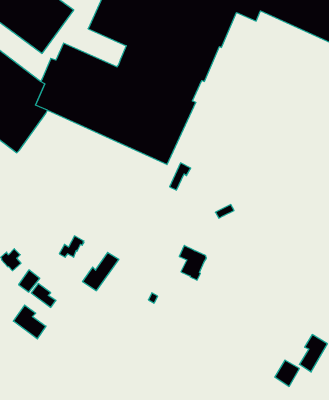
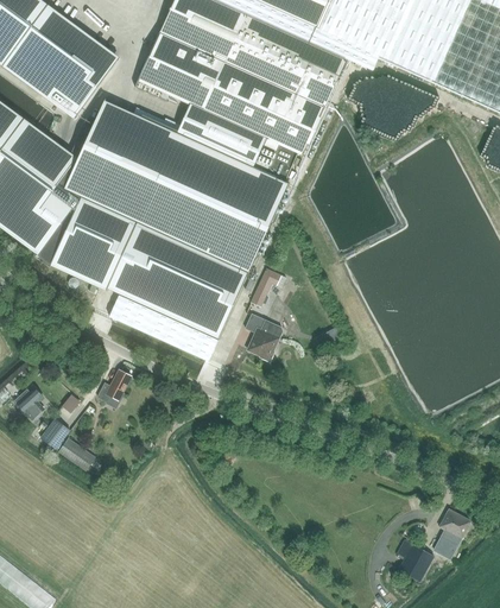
building: none -> [37,195,248,360]
building: [179,245,206,280] -> [245,312,283,361]
building: [83,252,119,291] -> none
building: [13,305,46,339] -> none

